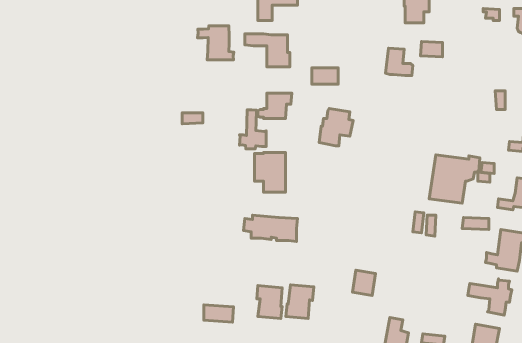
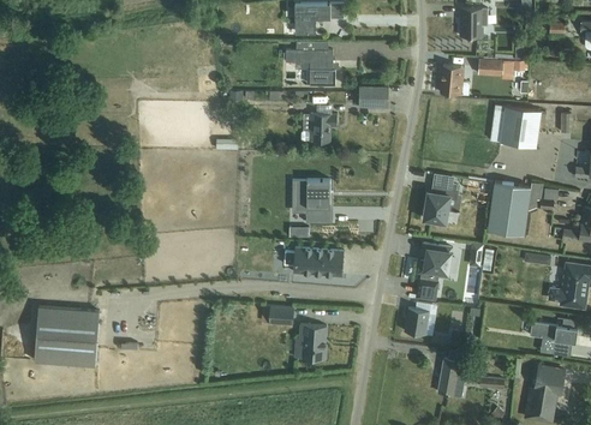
building: [197,26,234,60] -> none
building: none -> [500,106,541,146]
building: [319,109,353,146] -> [424,181,461,222]
building: [240,110,266,149] -> none
building: none -> [418,243,452,300]
building: none -> [34,305,100,366]
building: [286,285,314,318] -> none
building: [204,305,233,322] -> [262,305,294,324]

